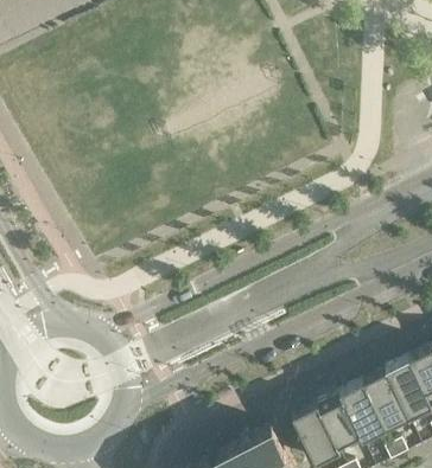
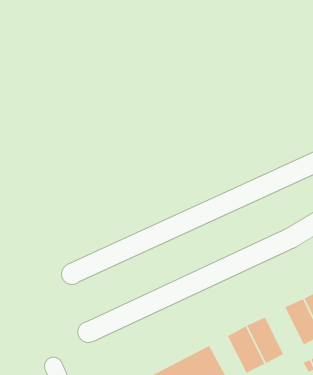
building: [338,380,385,438] -> none

